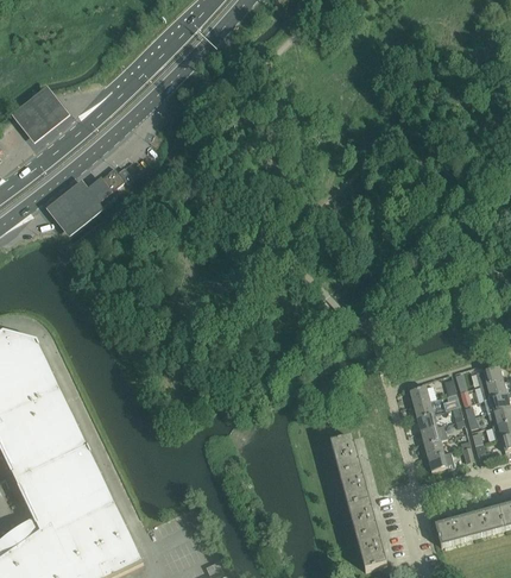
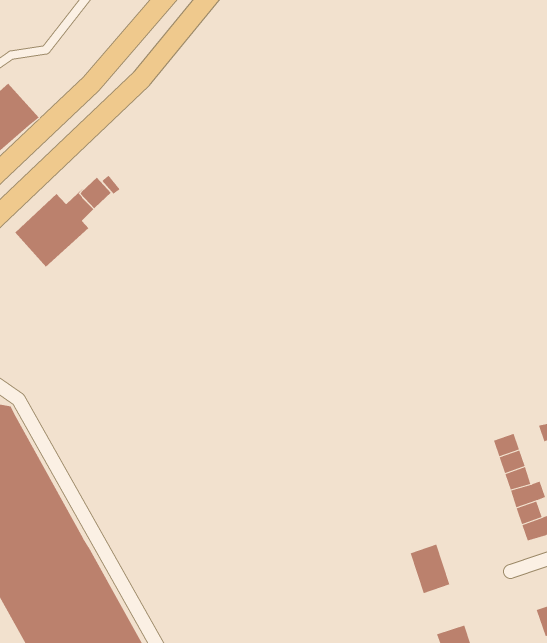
building: [329,434,360,472] -> none
building: [347,498,378,536] -> none

